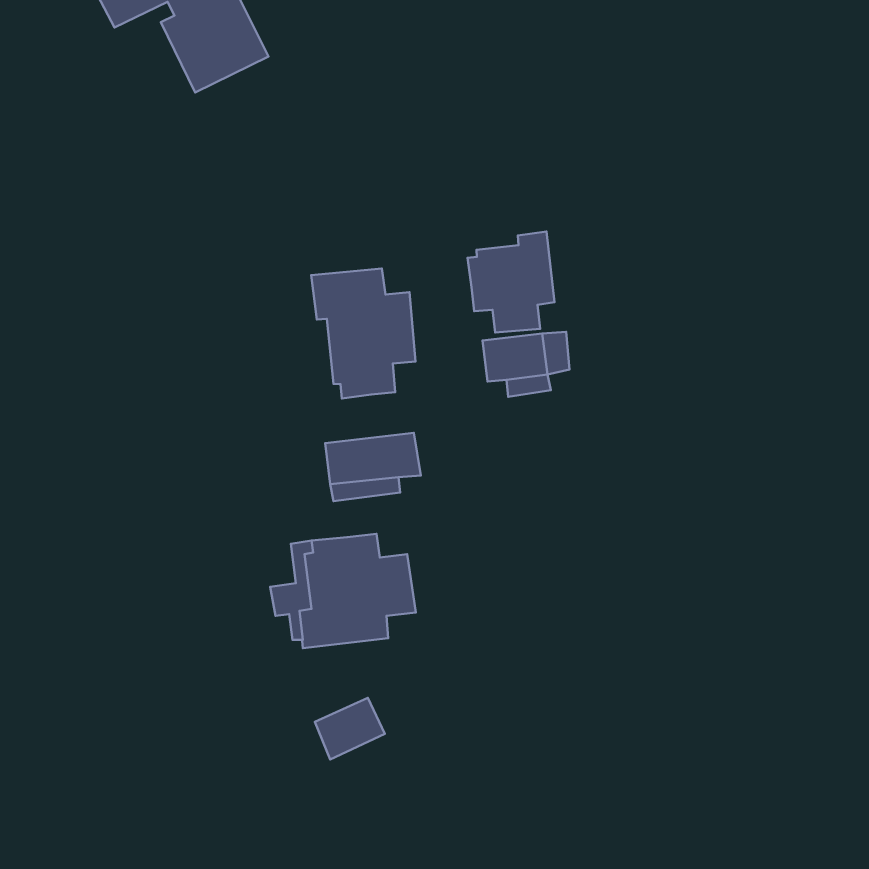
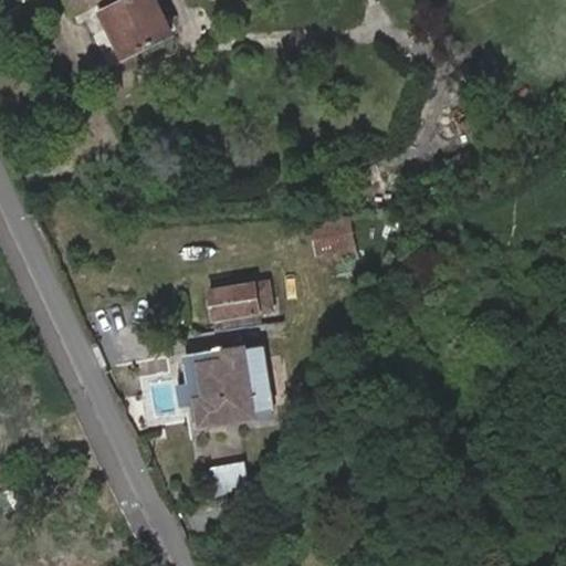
building: [467,231,554,332] -> none
building: [311,268,415,398] -> none

